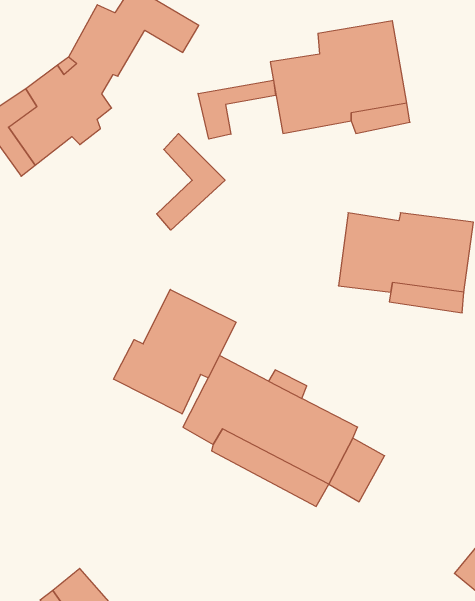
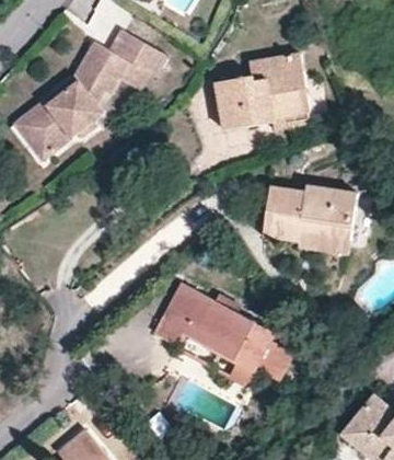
building: [198,80,275,139] -> none
building: [157,134,225,230] -> none
building: [114,289,236,414] -> none

